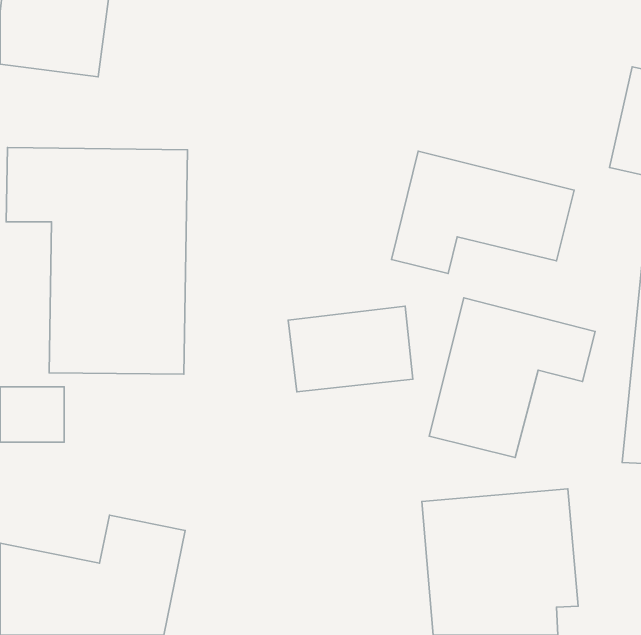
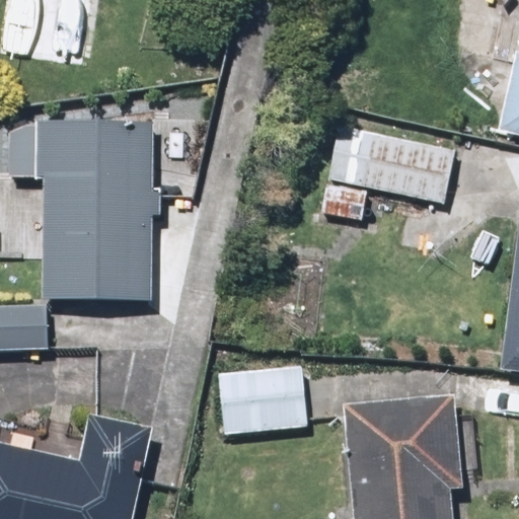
building: [429,298,595,458] -> none
building: [288,306,413,392] -> [212,364,312,433]

